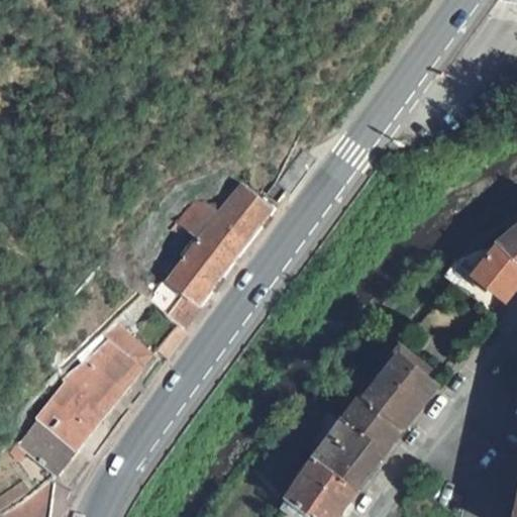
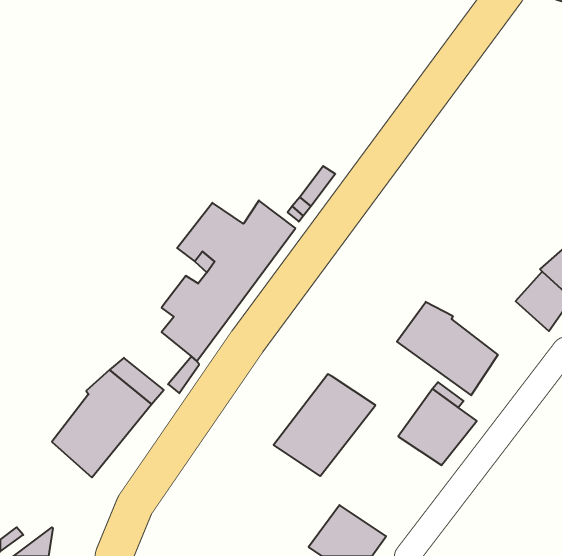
building: none -> [397,302,498,395]
building: [313,396,406,489] -> [274,374,375,476]
building: [8,403,87,475] -> none

